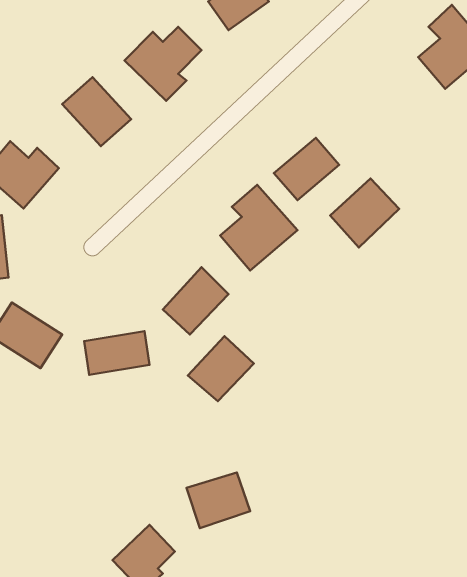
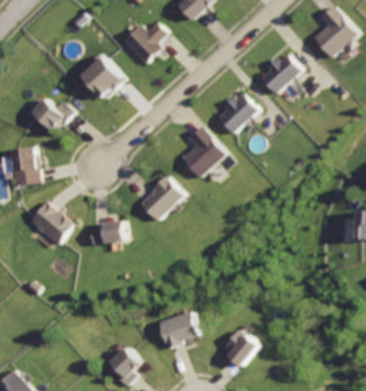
building: [330,178,399,247] -> [256,50,301,95]
building: [188,336,254,401] -> none
building: none -> [226,327,262,370]

